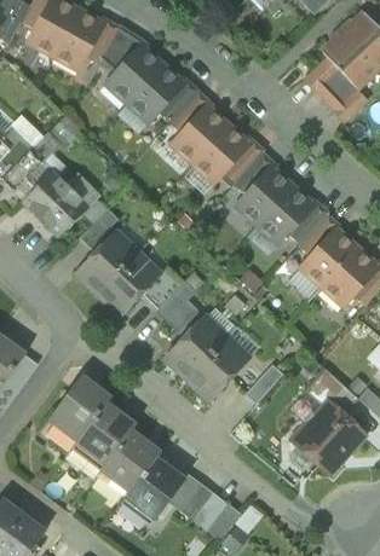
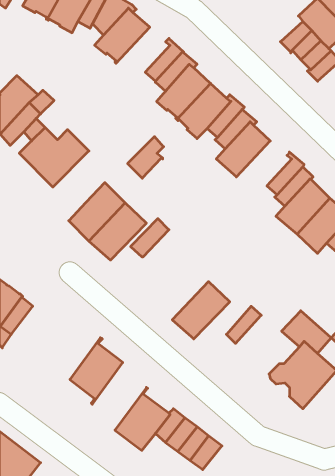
building: [127,64,185,123] -> none
building: [257,186,316,245] -> none
building: [79,208,117,253] -> [128,137,164,178]
building: [156,282,197,330] -> none
building: [165,307,236,378] -> none
building: [52,376,110,442] -> none
building: [102,424,160,497] -> none

